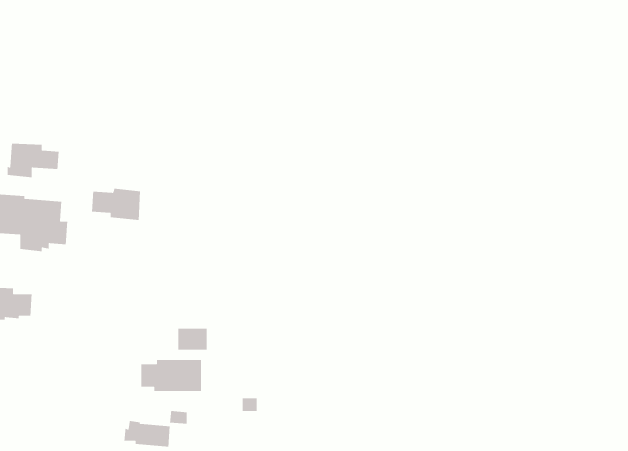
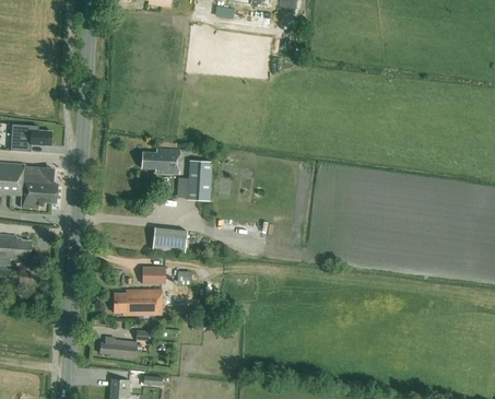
building: [91,188,141,221] -> [141,149,179,174]
building: none -> [187,160,212,200]
building: none -> [152,225,186,249]

